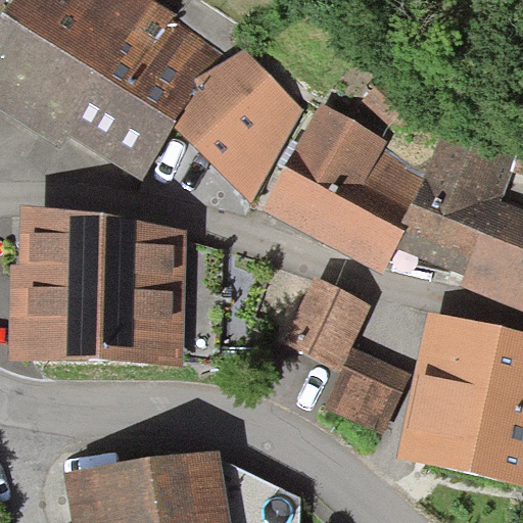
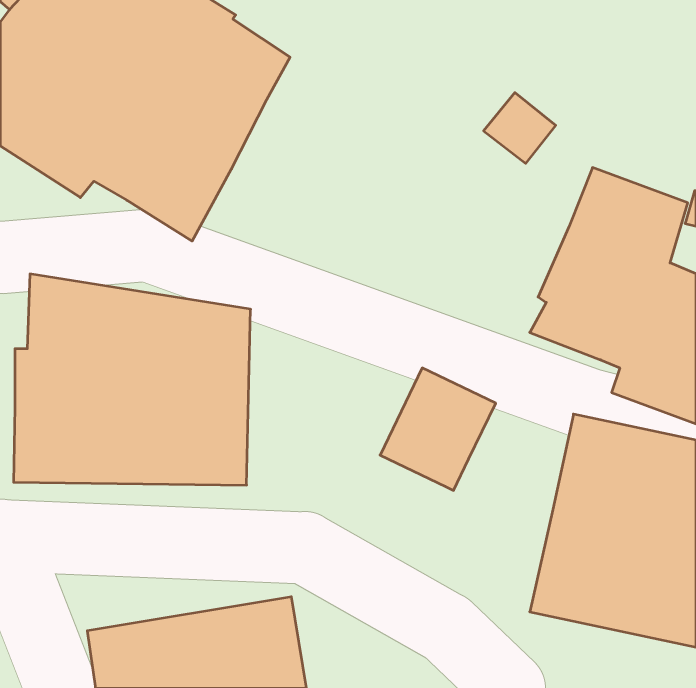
building: [174,47,303,201] -> none
building: [265,102,427,274] -> none
building: [314,344,411,438] -> none

